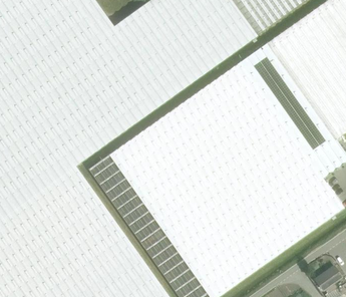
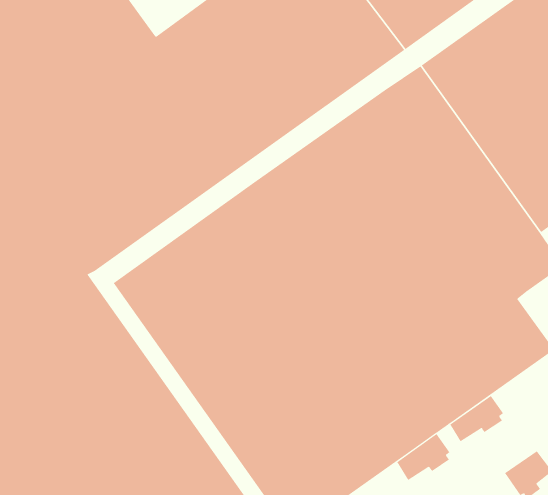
building: none -> [449,395,504,442]
building: none -> [396,433,450,481]

